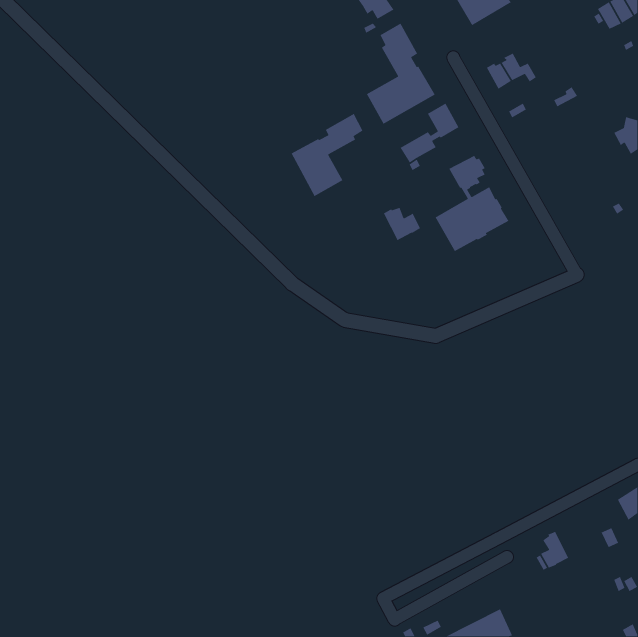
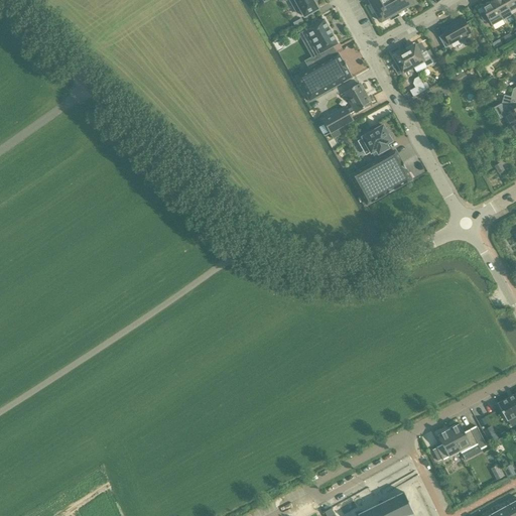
building: none -> [438,17,471,47]
building: [290,113,364,197] -> none
building: [383,206,422,241] -> none
building: none -> [448,423,487,453]

